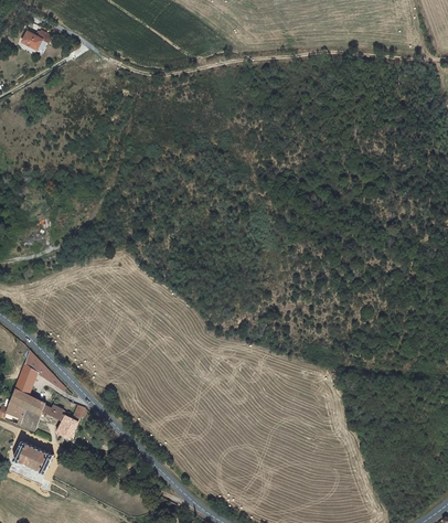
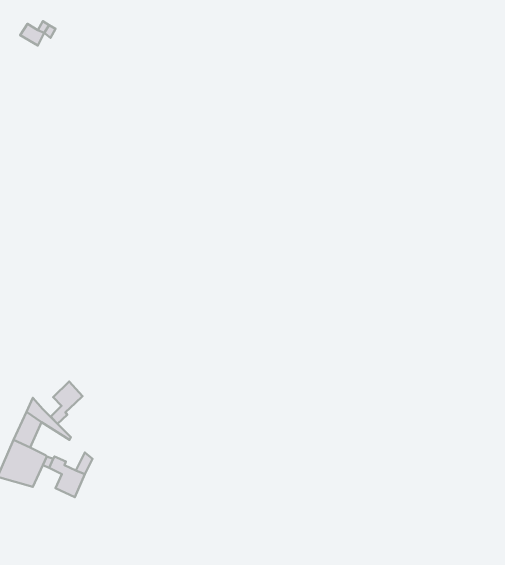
building: none -> [51,382,83,424]
building: [9,438,50,471] -> none

